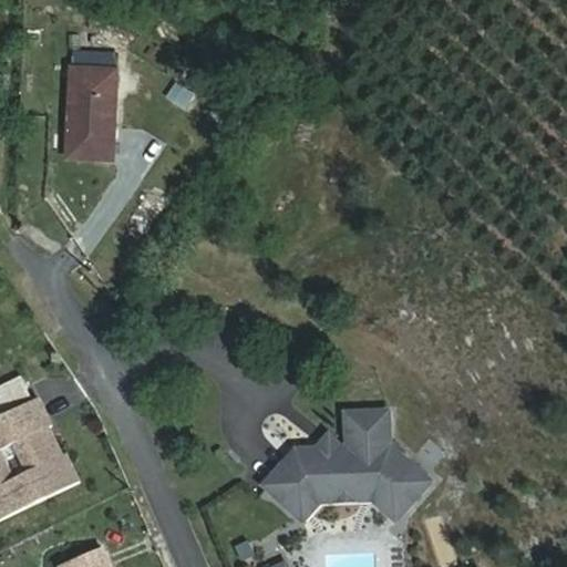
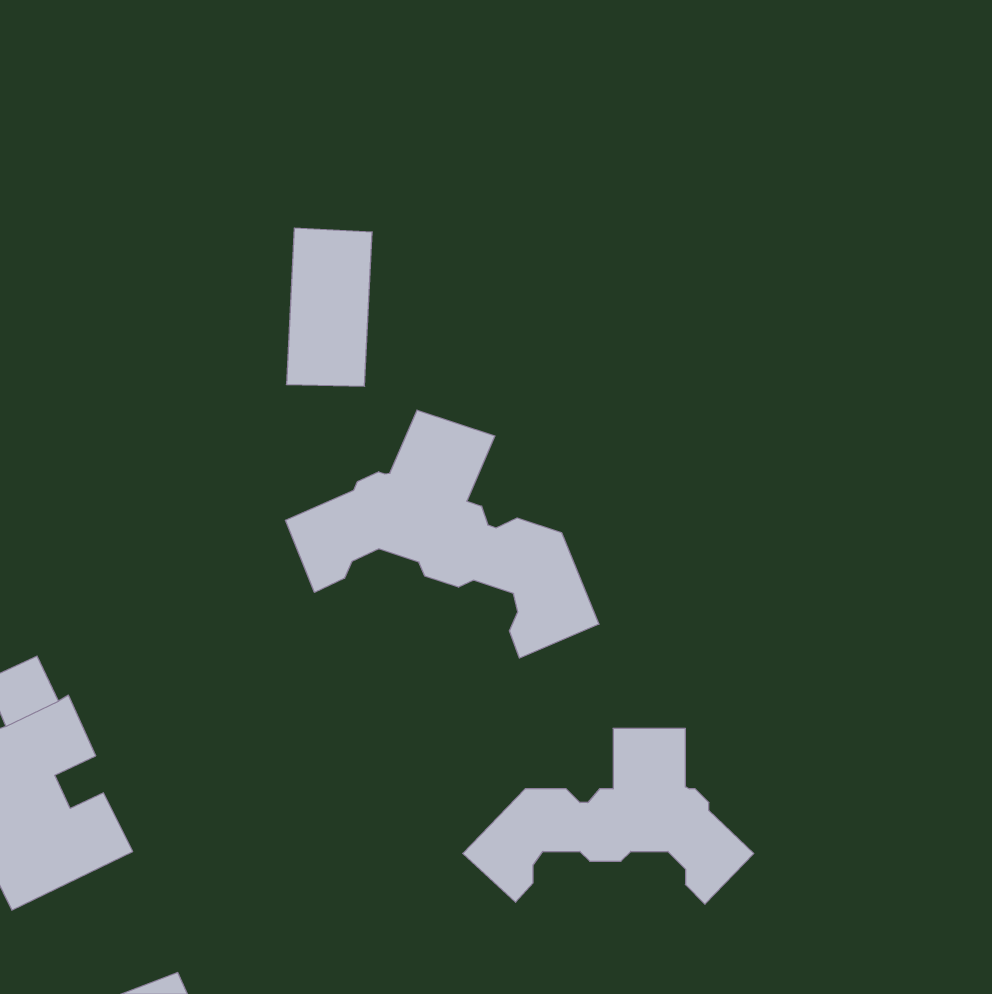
building: [66,69,115,158] -> [286,228,372,386]
building: none -> [286,410,599,658]

